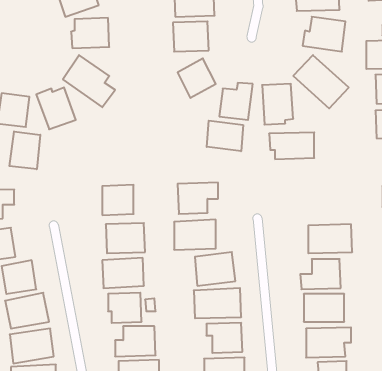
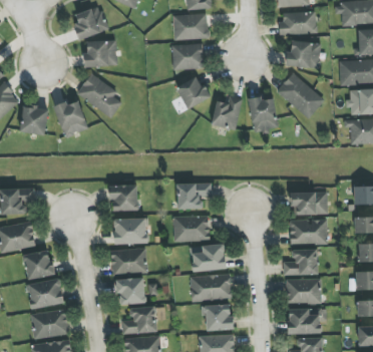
building: [207,121,243,151] -> none
building: [9,131,40,169] -> none
building: [269,132,314,159] -> [288,192,327,215]

